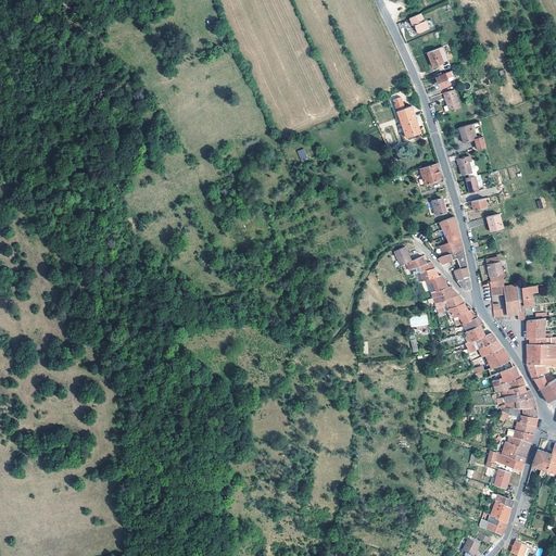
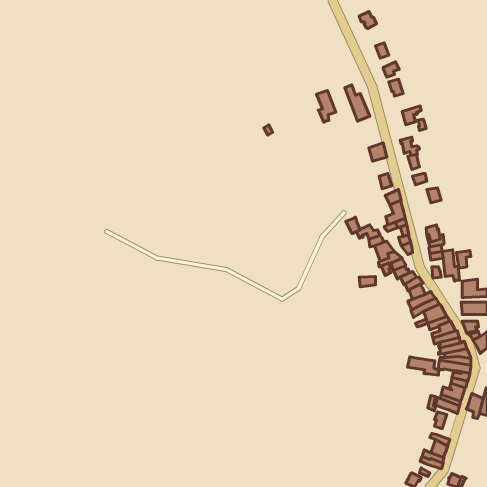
building: none -> [317,90,336,122]
building: none -> [408,357,439,375]

